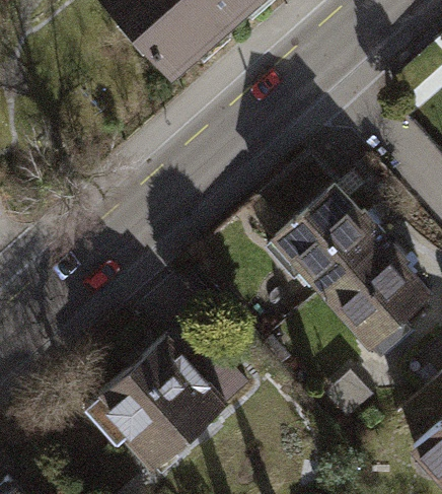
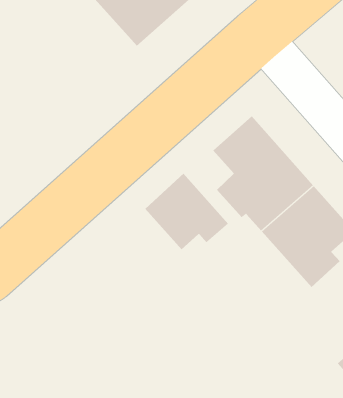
building: none -> [144,173,229,250]
building: [91,331,241,468] -> none

